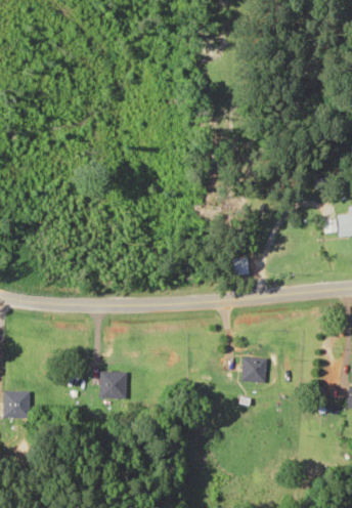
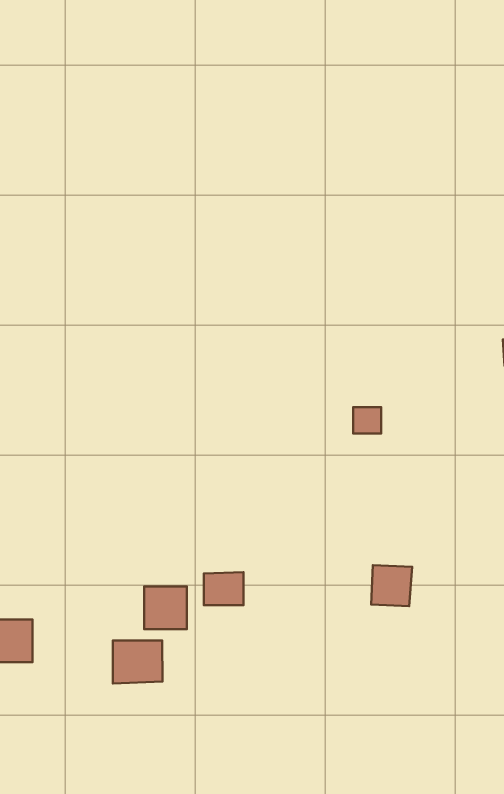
building: none -> [204,572,243,605]
building: none -> [113,640,162,683]

